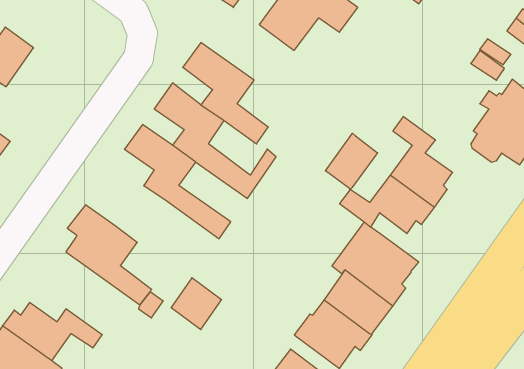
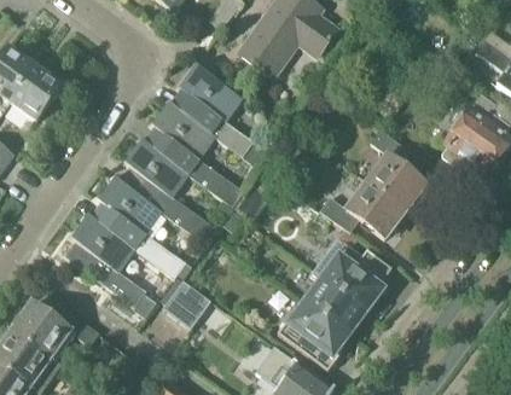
building: none -> [10,66,62,122]
building: [325,133,378,189] -> none
building: none -> [93,175,187,278]

